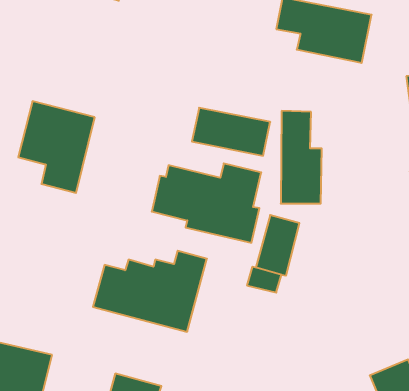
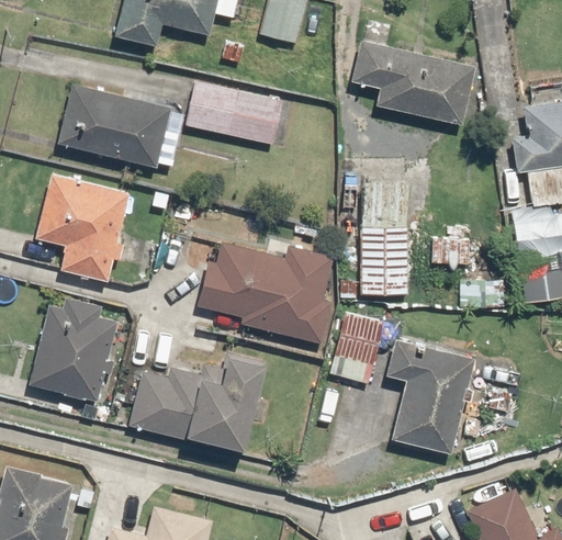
building: none -> [58,85,167,167]
building: [192,108,270,156] -> [186,82,282,142]
building: none -> [29,295,116,402]
building: none -> [391,342,475,453]

